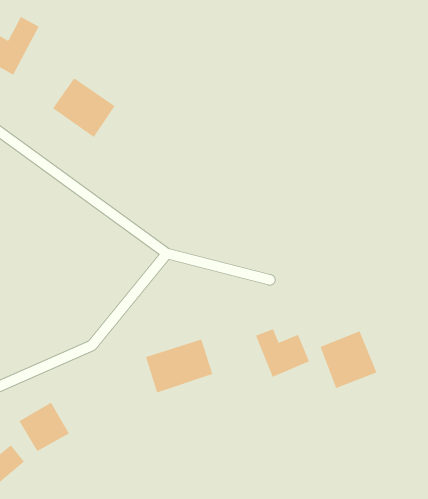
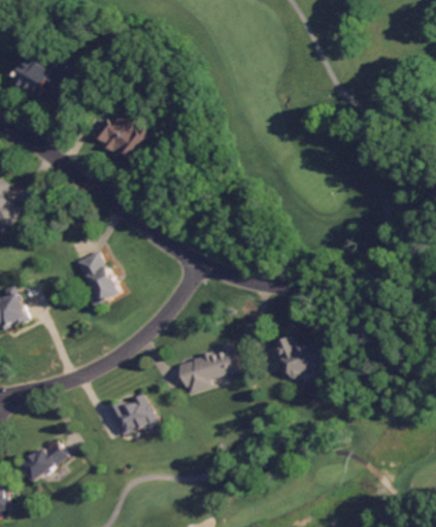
building: none -> [75,252,118,306]
building: [320,330,377,389] -> none
building: [19,402,70,452] -> [109,393,156,438]

